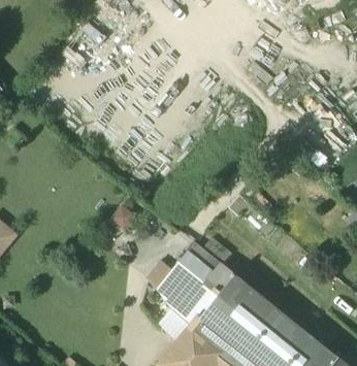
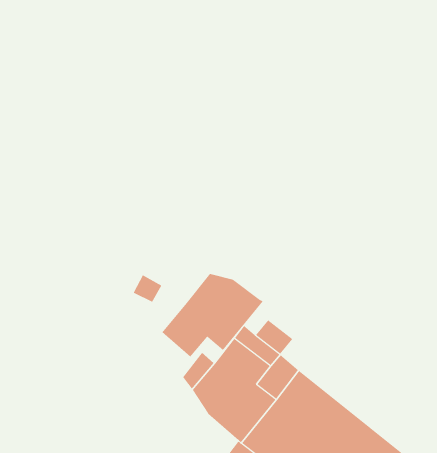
building: none -> [161,273,264,358]

